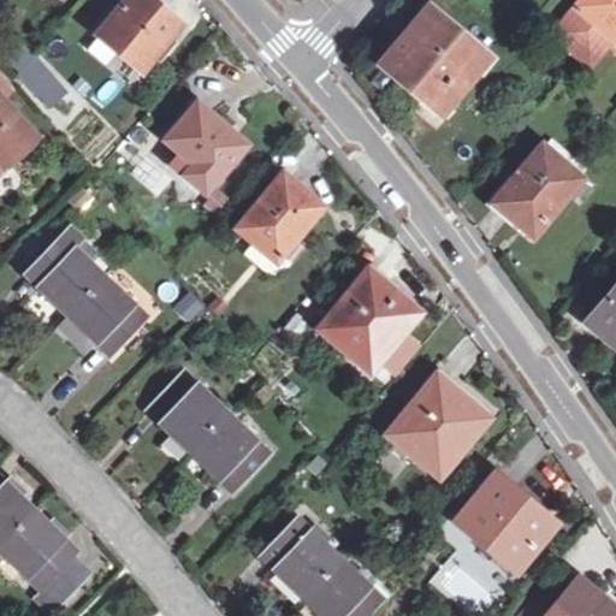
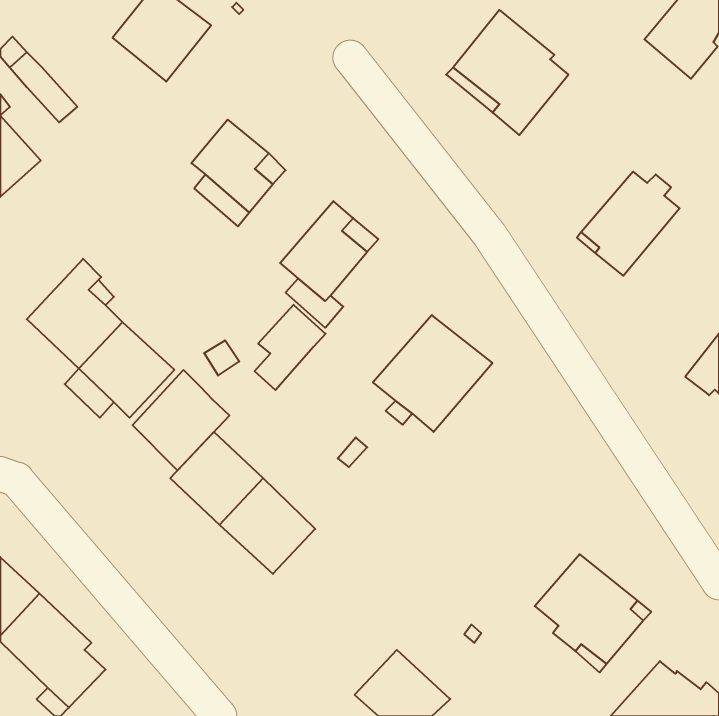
building: none -> [255,305,326,390]
building: none -> [133,370,229,471]
building: [389,374,488,475] -> none
building: [259,515,339,594] -> none

